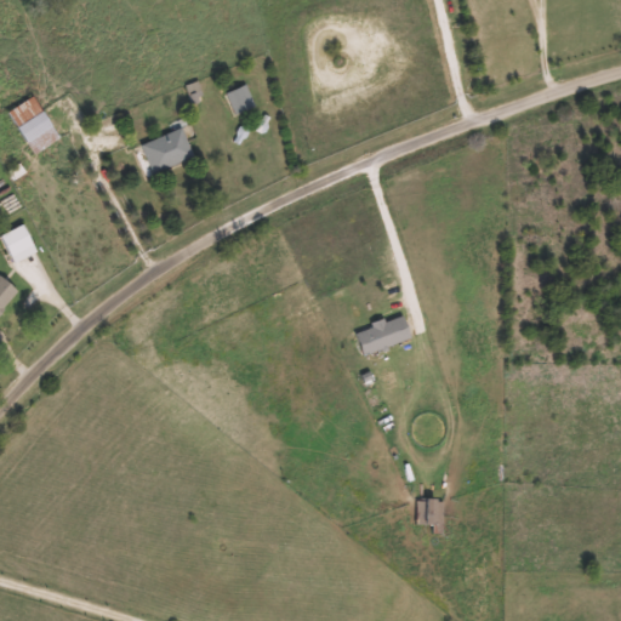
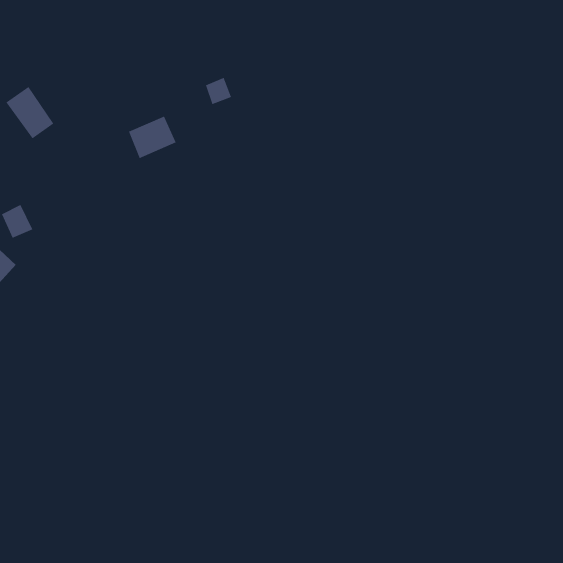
building: [355,313,412,355] -> none
building: [416,498,443,524] -> none

